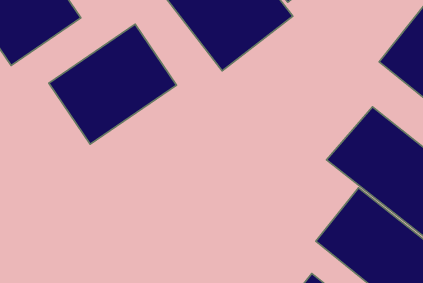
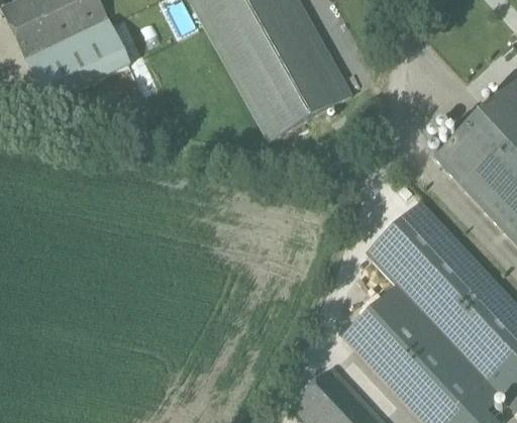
building: [49,24,176,144] -> none

